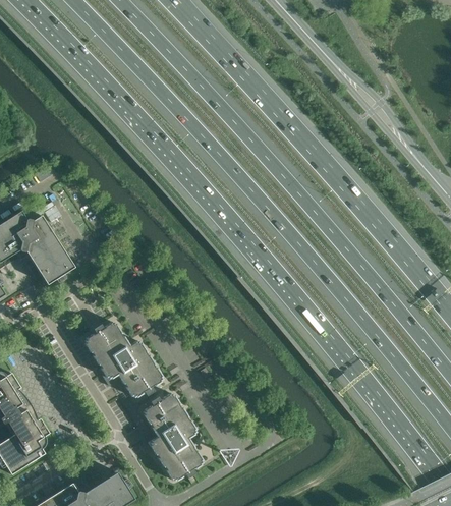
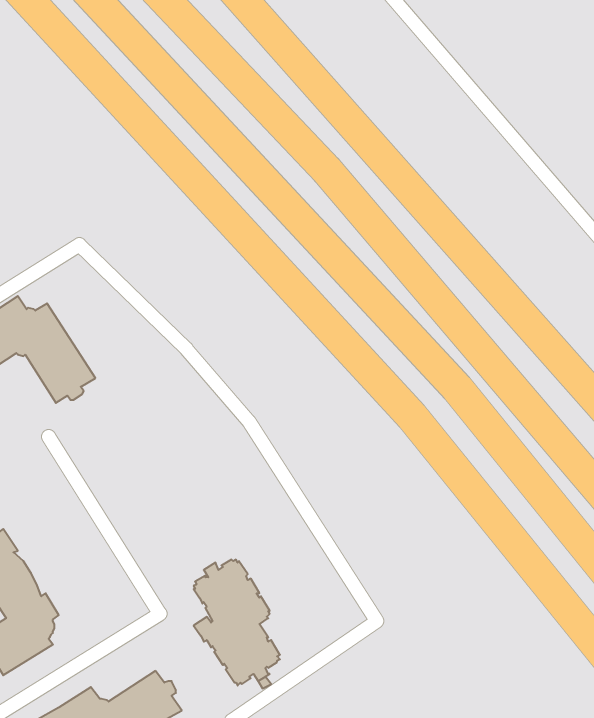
building: [83,323,162,398] -> none

